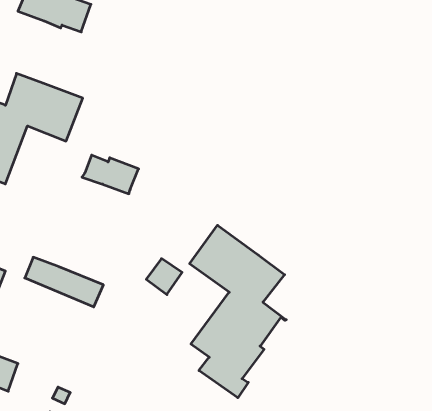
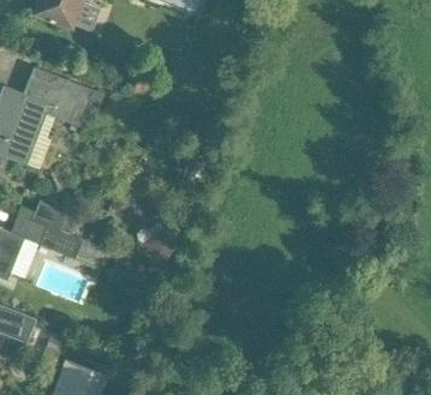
building: [82,155,139,194] -> [30,201,79,234]
building: [190,225,286,398] -> none

